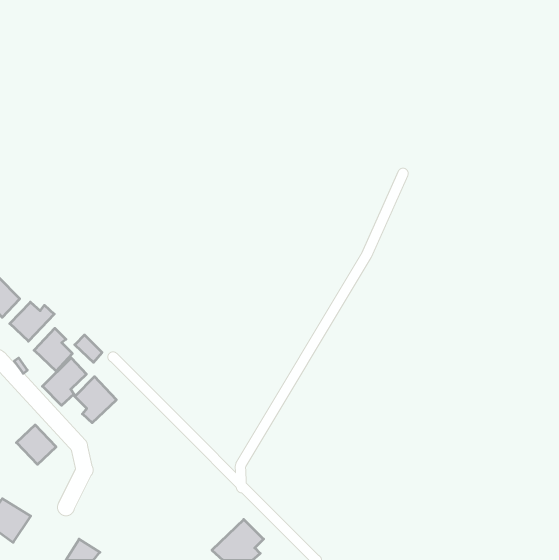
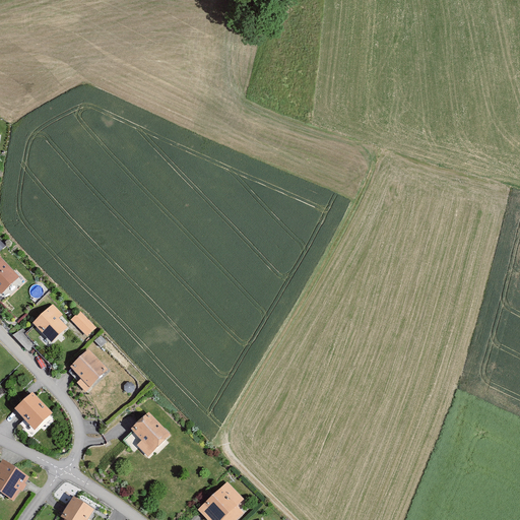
building: [10,302,54,341] -> none
building: [42,358,86,405] -> none
building: none -> [123,414,170,457]

